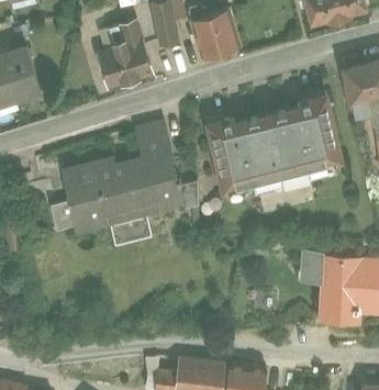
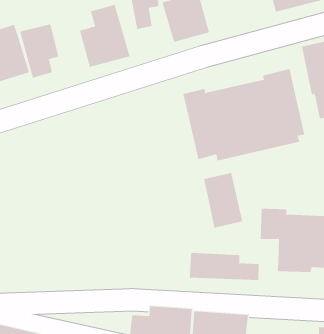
building: none -> [20,23,59,79]
building: [47,126,182,247] -> none
building: none -> [203,172,243,229]
building: none -> [189,252,259,281]

